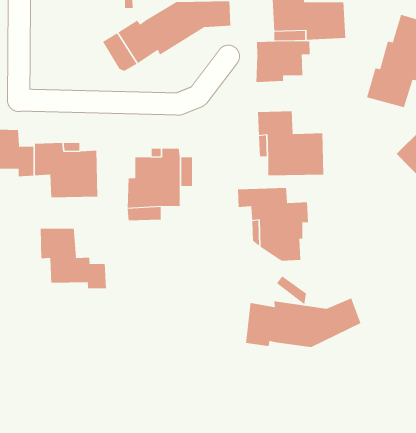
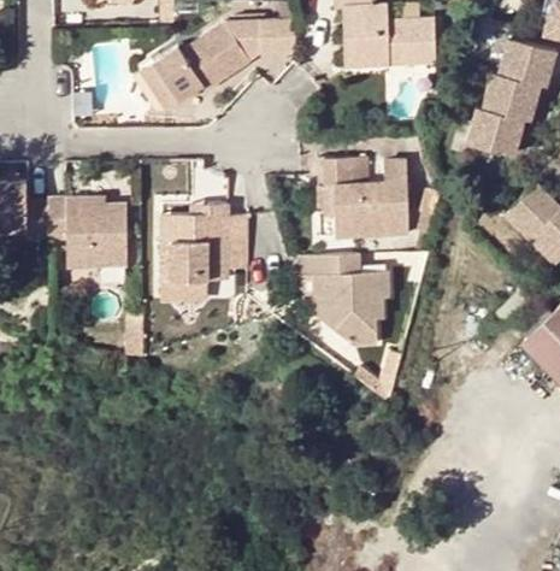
building: [256,40,310,83] -> none
building: [40,228,106,289] -> none
building: [245,298,361,348] -> none

